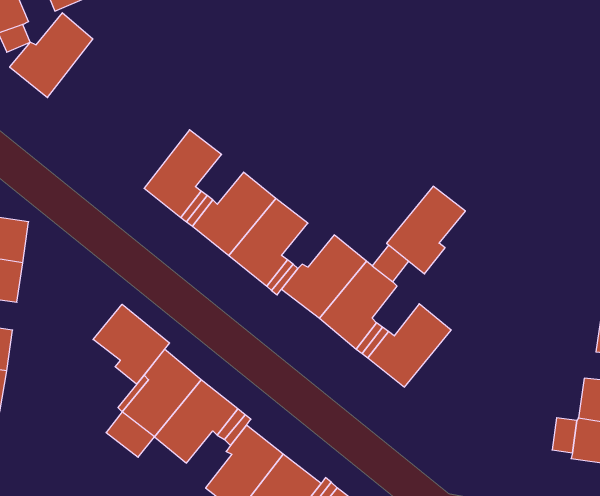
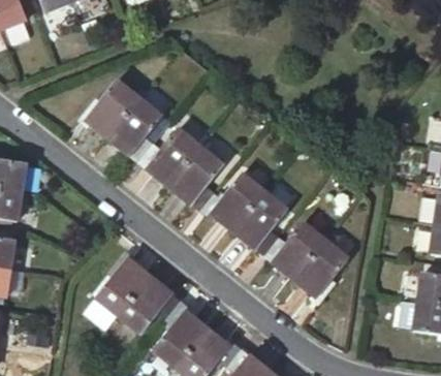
building: [10,13,93,98] -> [83,80,141,139]
building: [387,186,465,274] -> [293,240,349,302]
building: [93,304,170,384] -> none

